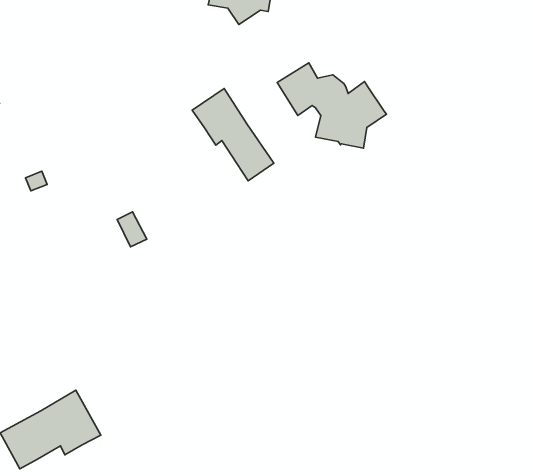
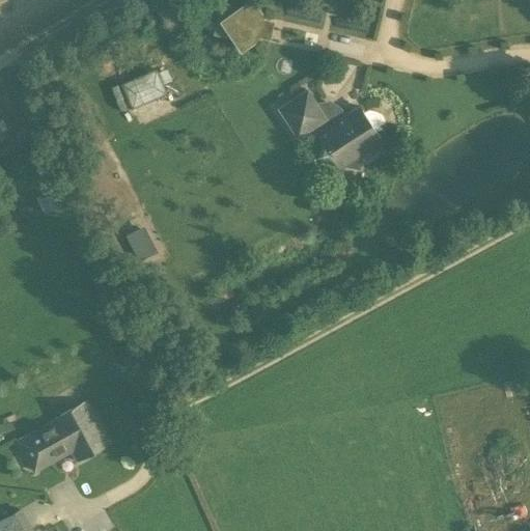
building: none -> [118,71,165,110]
building: [192,89,274,181] -> none

